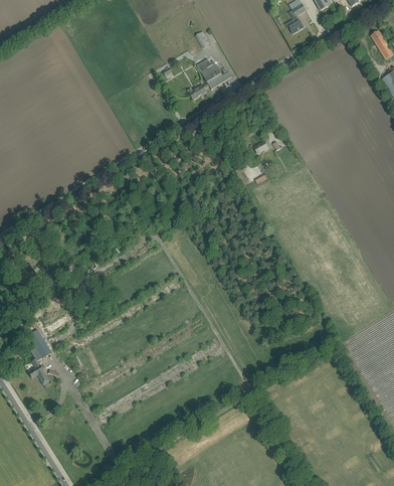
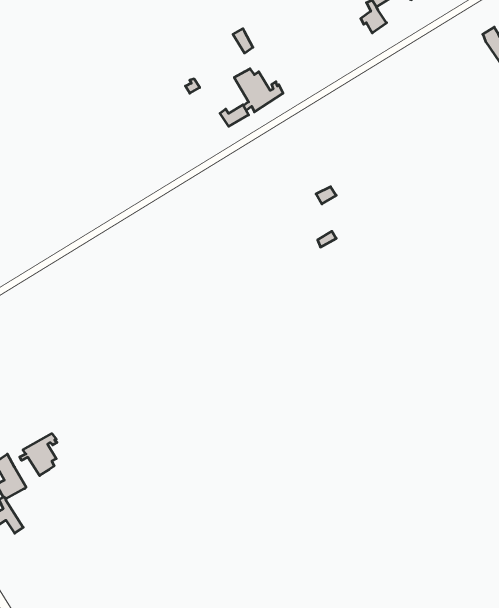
building: none -> [20,434,57,476]

